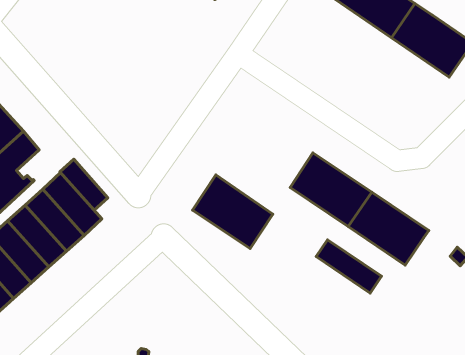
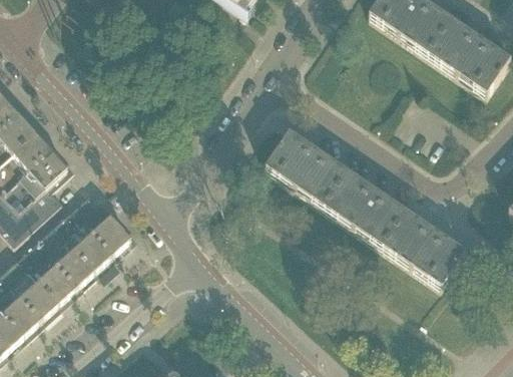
building: [60,159,108,210] -> none
building: [192,175,273,249] -> [266,130,348,206]
building: [316,240,381,293] -> none

